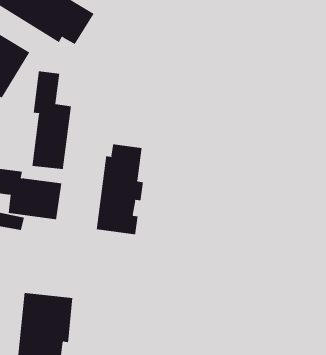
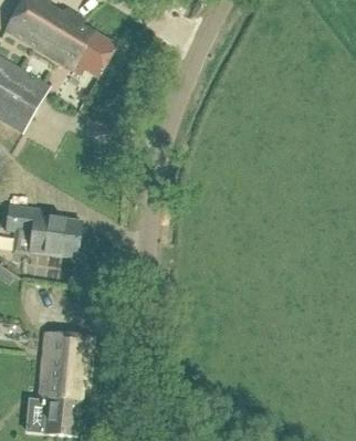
building: [32,70,72,170] -> none
building: [96,144,143,235] -> none

